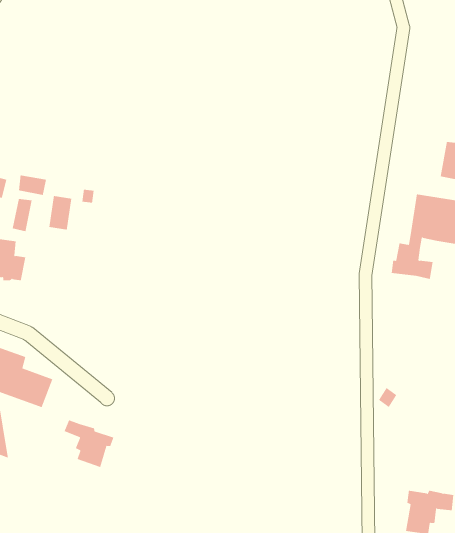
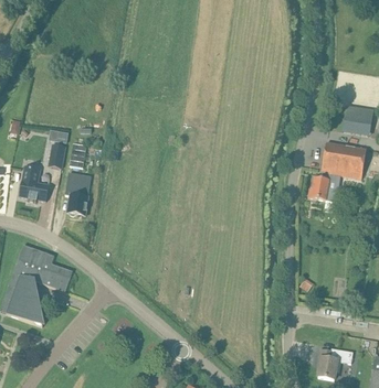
building: none -> [65,172,92,215]
building: [64,420,114,468] -> none

